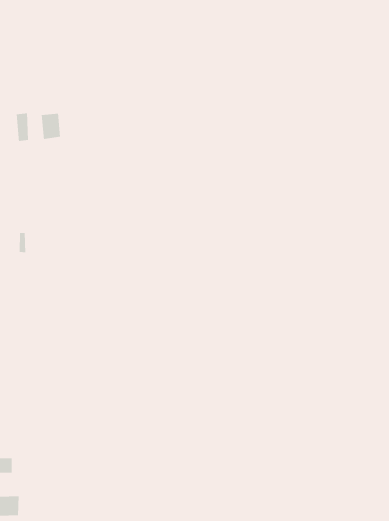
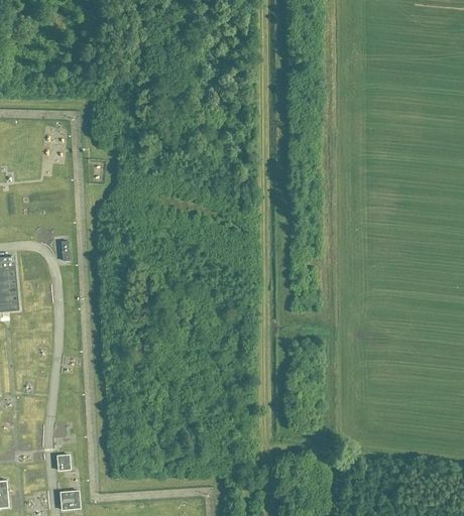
building: [41,113,61,140] -> none

